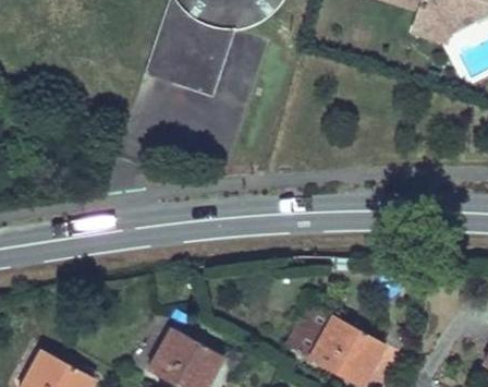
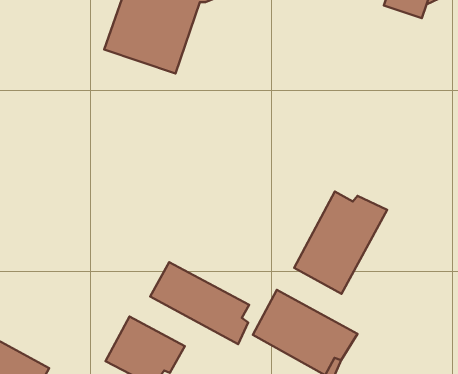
building: none -> [294,192,387,294]
building: none -> [150,262,249,344]

